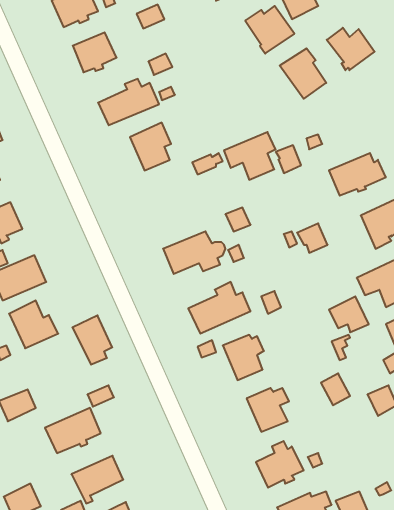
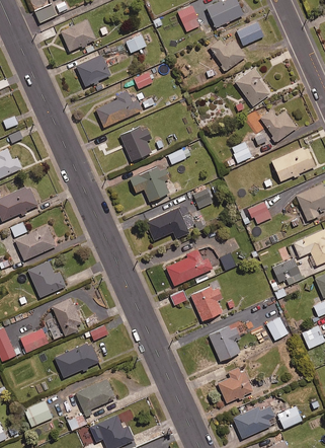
building: [327,28,375,70] -> [260,109,297,142]
building: [224,132,276,180] -> [131,165,170,202]
building: [72,315,112,365] -> [52,298,82,335]

